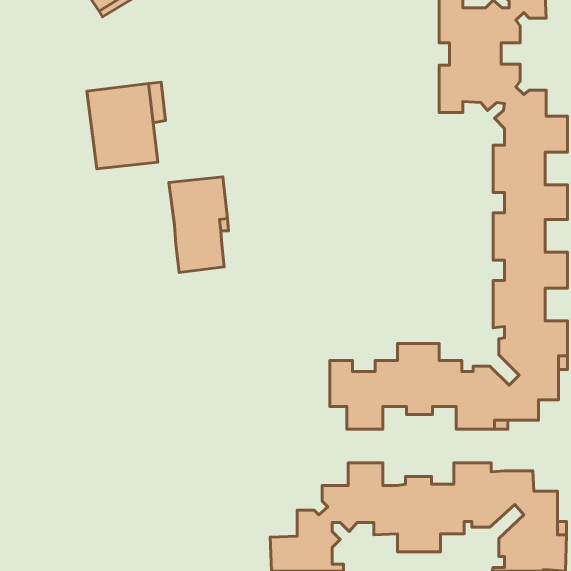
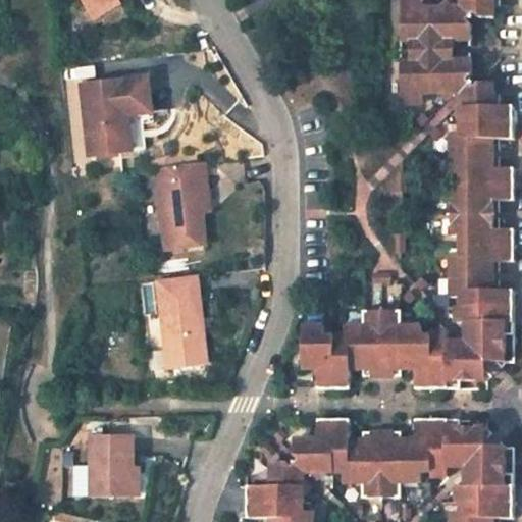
building: none -> [154,272,202,367]
building: none -> [93,435,136,494]

